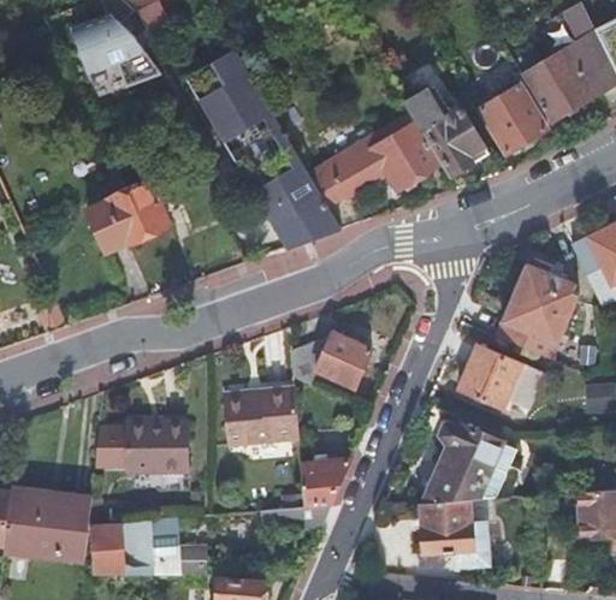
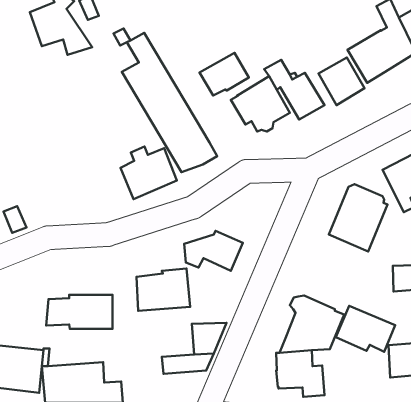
building: [307,147,377,207] -> [199,53,249,95]
building: [88,178,167,253] -> [121,146,177,199]
building: [457,345,541,410] -> [336,306,395,352]

